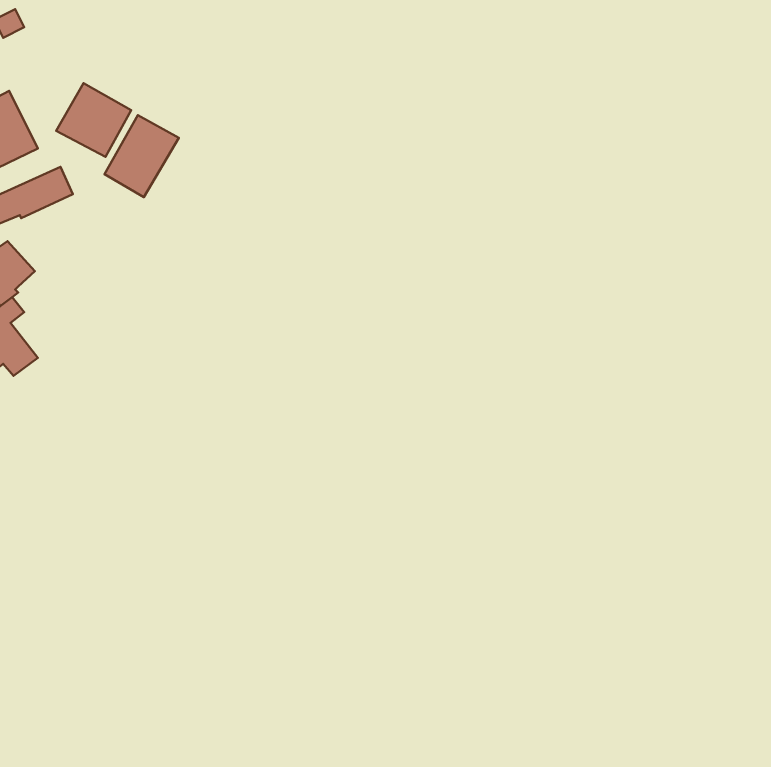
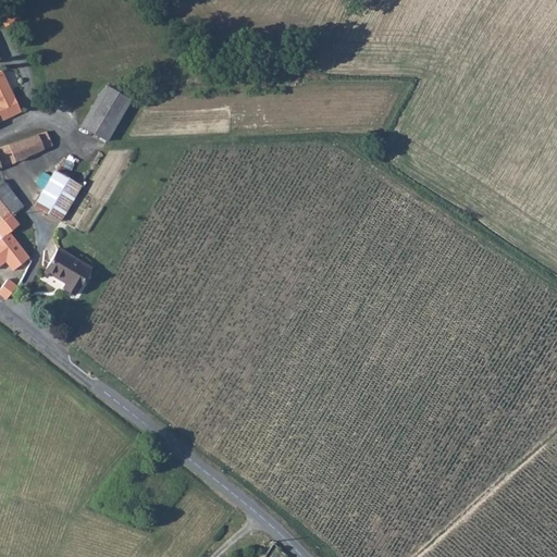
building: [56,83,131,157] -> none
building: none -> [36,170,81,220]
building: none -> [44,246,89,290]

